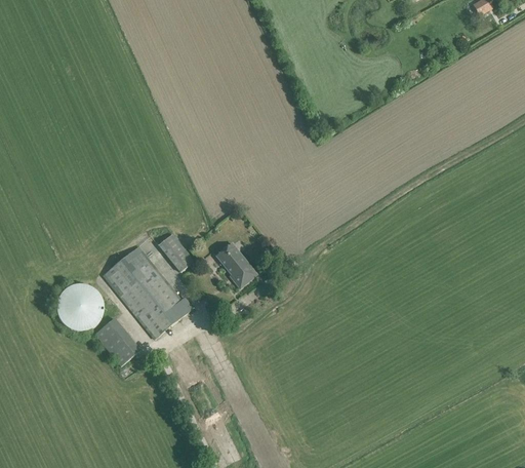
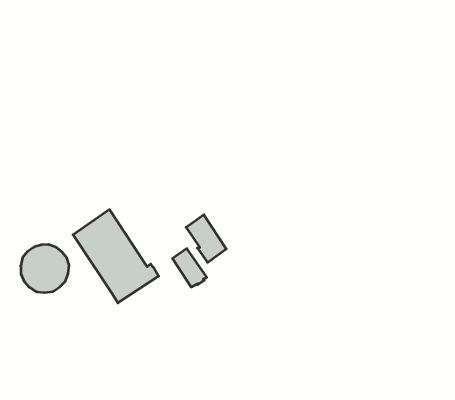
building: [158,233,194,271] -> [173,249,207,287]
building: [94,317,140,365] -> none

